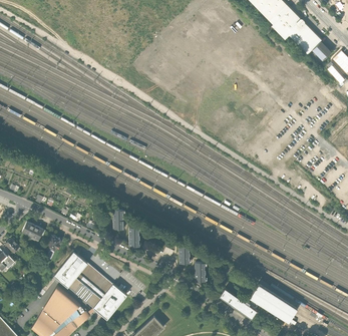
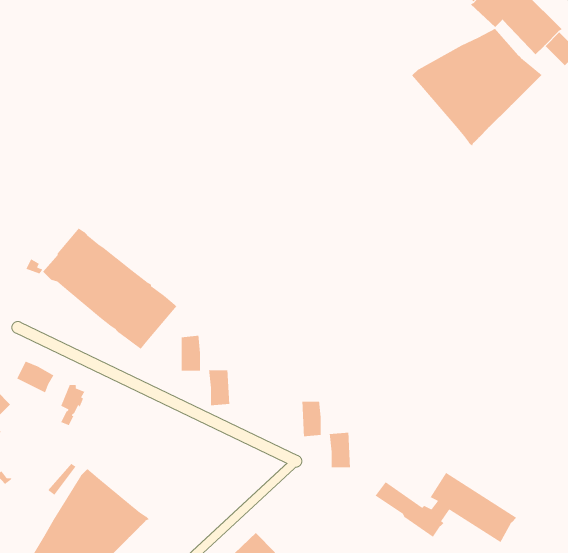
building: none -> [411,28,542,147]
building: [53,251,127,318] -> [42,227,177,350]

